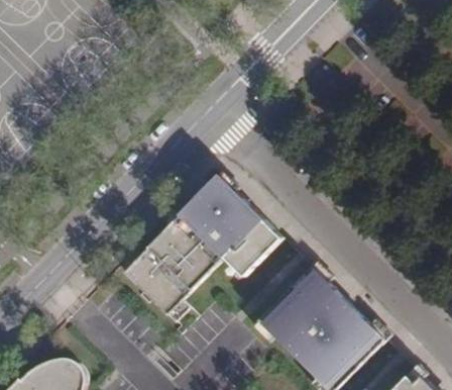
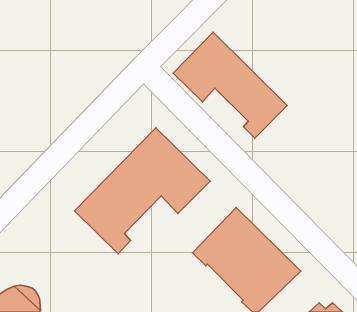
building: none -> [173,32,287,138]

